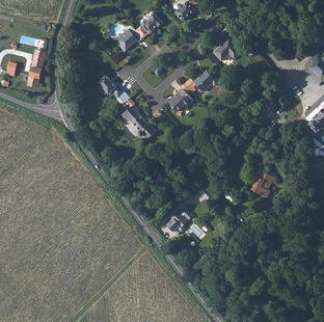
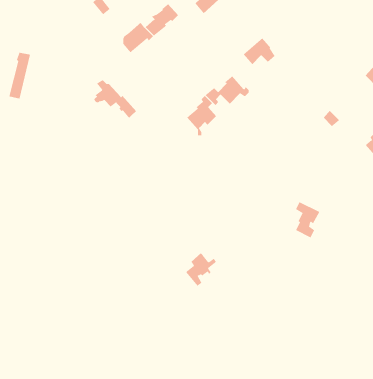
building: [122,102,155,139] -> none

